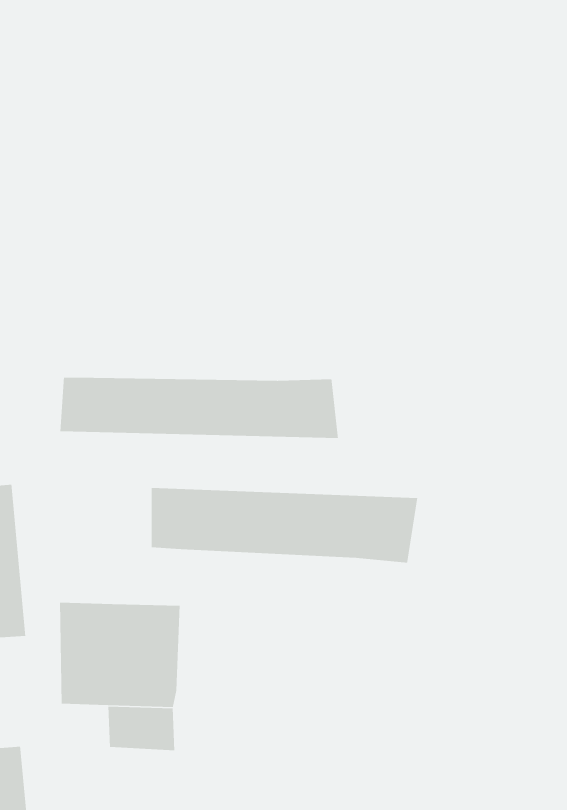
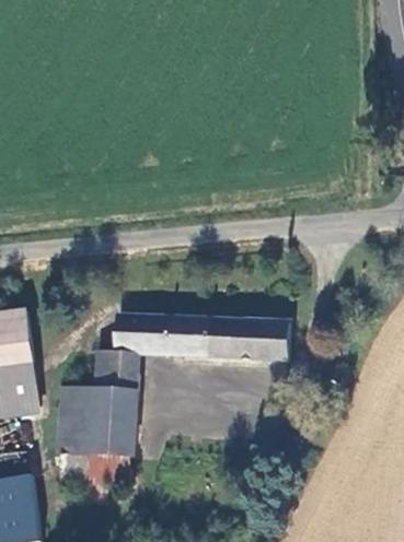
building: [59,377,339,439] -> none
building: none -> [91,352,134,388]

